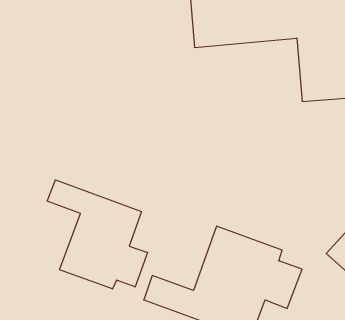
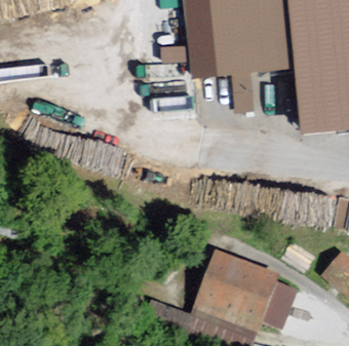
building: [47,180,147,289] -> none

